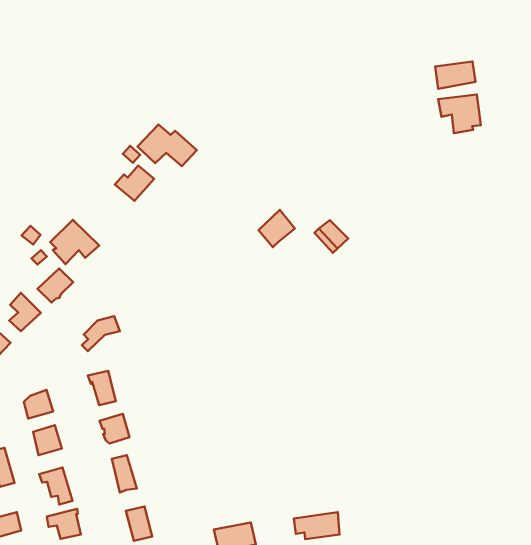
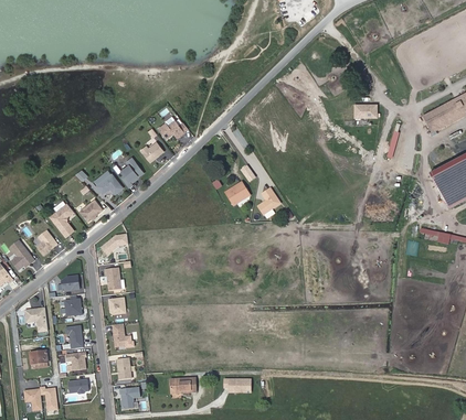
building: [438,95,481,133] -> none
building: none -> [115,159,144,187]

